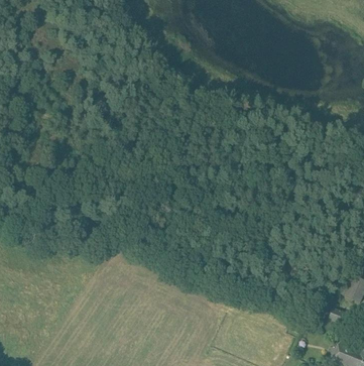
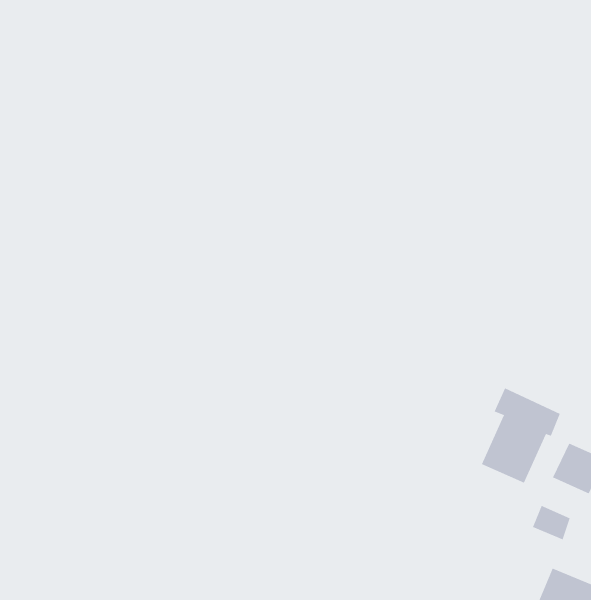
building: none -> [481,387,561,484]

